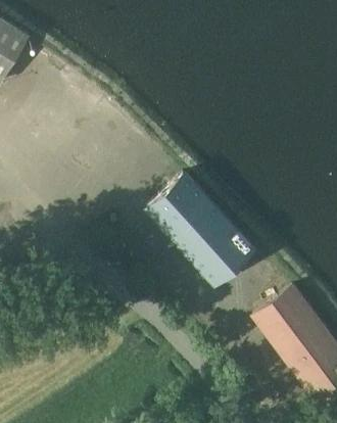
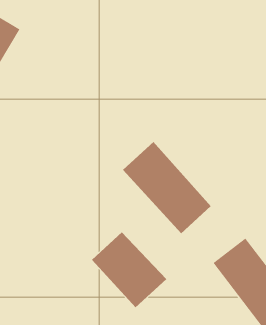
building: none -> [91,232,167,308]

